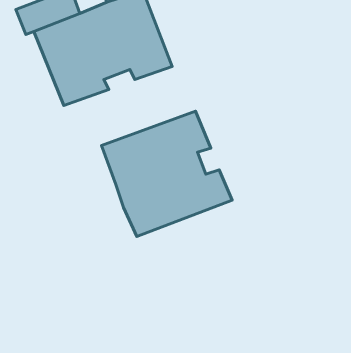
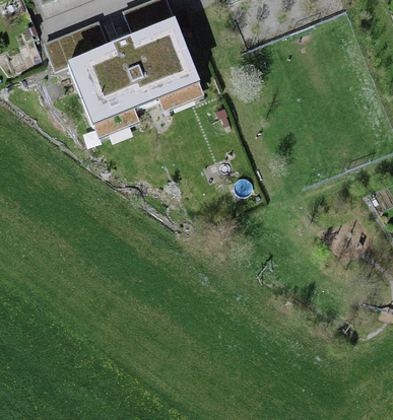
building: [101,111,232,237] -> none

